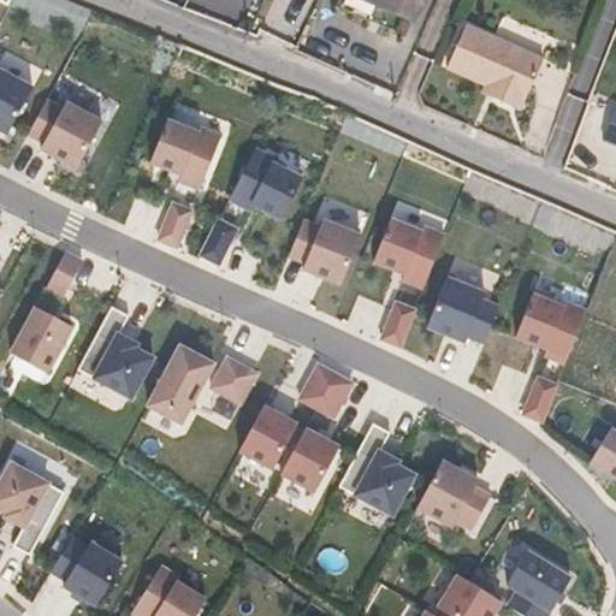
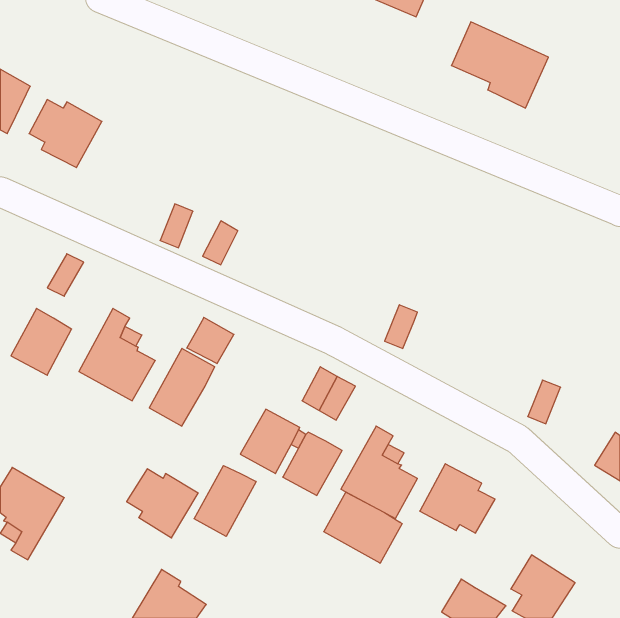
building: [150,119,221,188] -> none
building: [230,147,302,218] -> none
building: [373,218,444,286] -> none
building: [289,219,359,284] -> none
building: [427,277,498,342] -> none
building: [515,294,586,362] -> none
building: [211,356,257,402] -> [187,317,234,364]
building: none -> [194,466,256,536]
building: none -> [324,492,402,563]
building: [51,538,122,606] -> [127,469,198,538]

